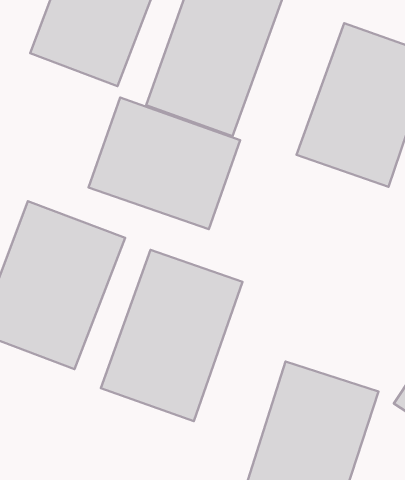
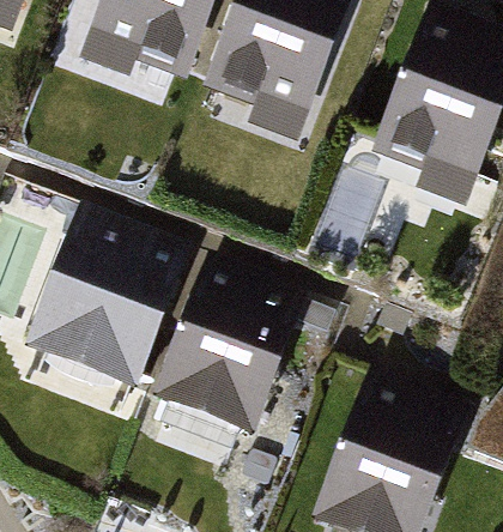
building: [88,98,240,229] -> none

